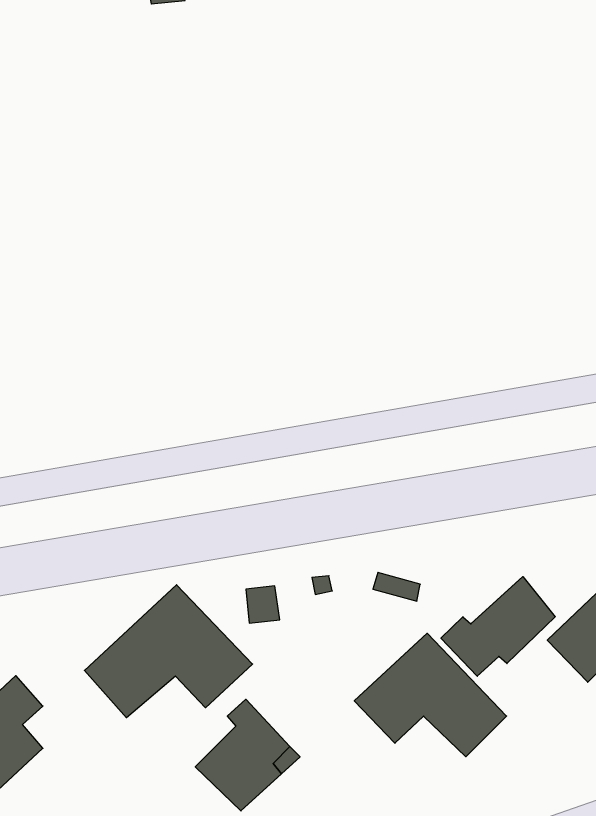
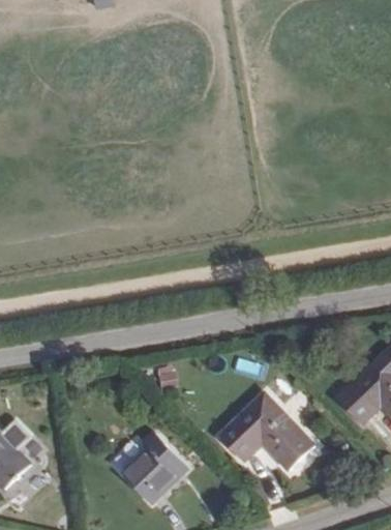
building: [441,577,555,676] -> none
building: [84,585,253,718] -> none

